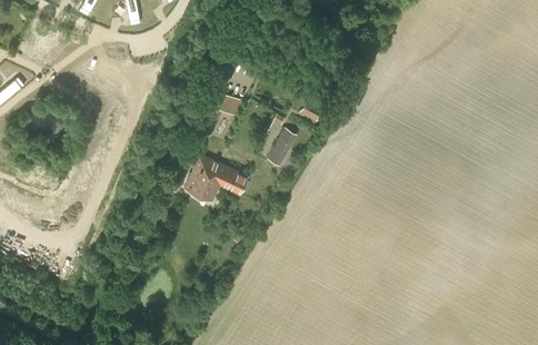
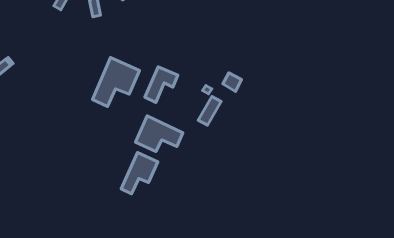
building: none -> [93,57,140,106]
building: none -> [121,152,158,194]

